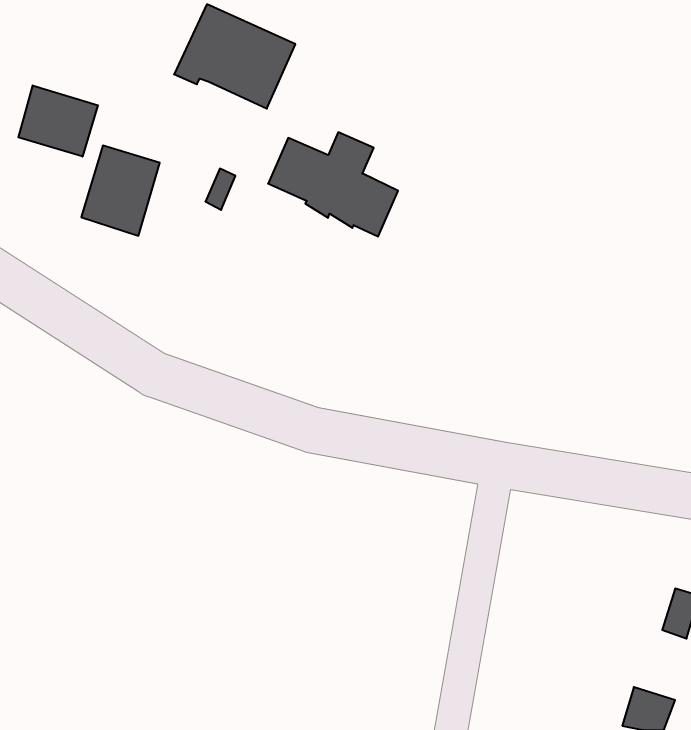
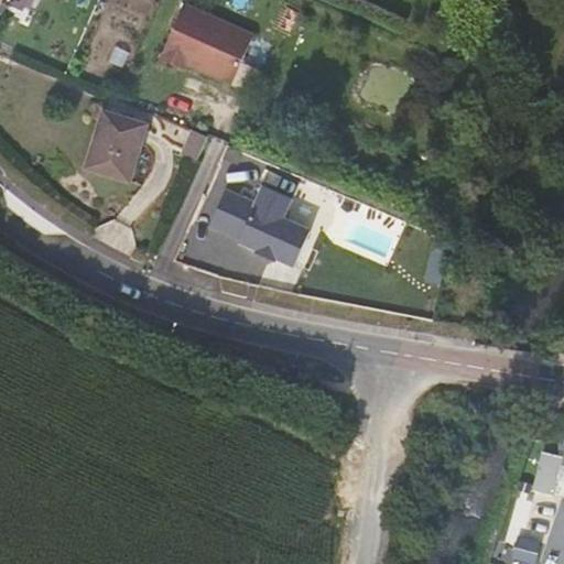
building: [18,85,98,157] -> none
building: [268,132,398,237] -> [207,185,307,265]

